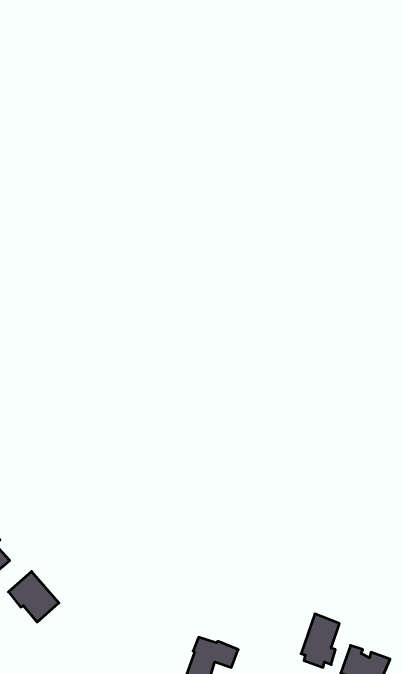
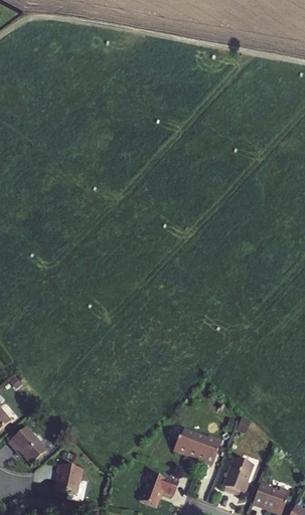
building: none -> [173,426,222,465]
building: none -> [59,464,88,493]

